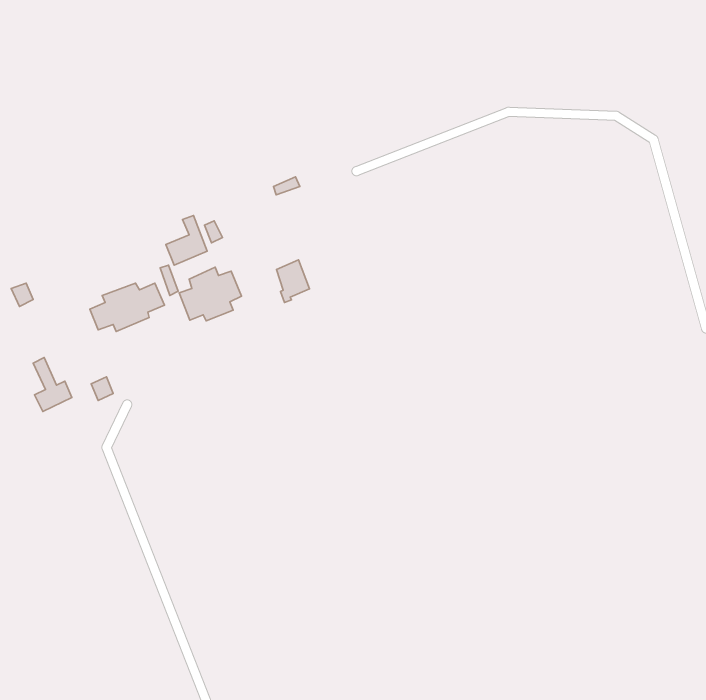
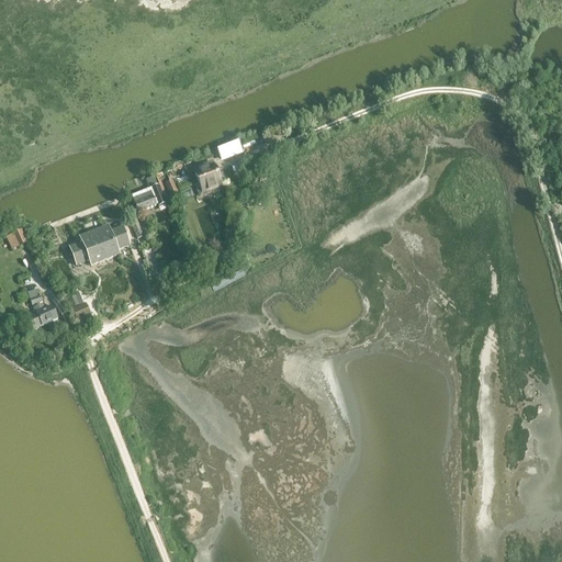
building: [276,260,310,303] -> [193,157,220,191]
building: [179,267,242,321] -> none

